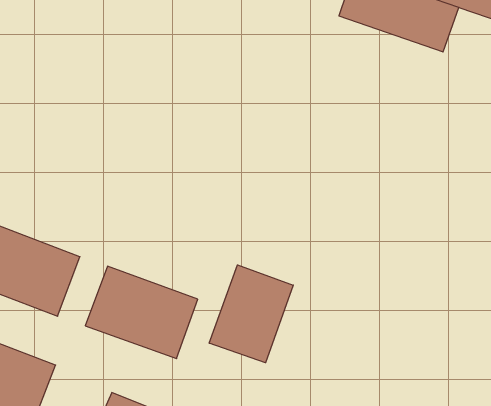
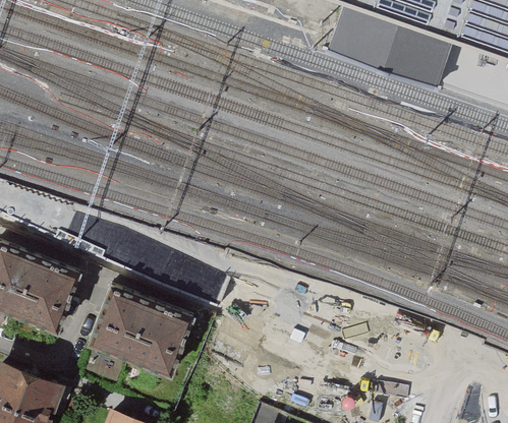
building: [209,265,293,363] -> none

